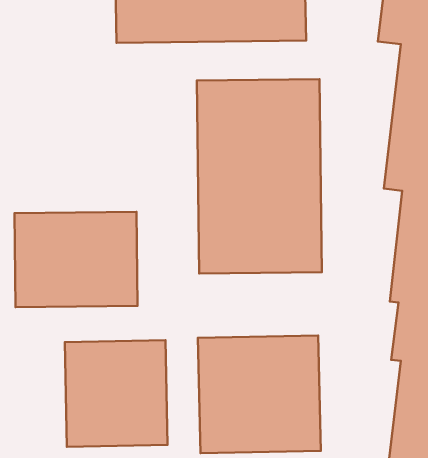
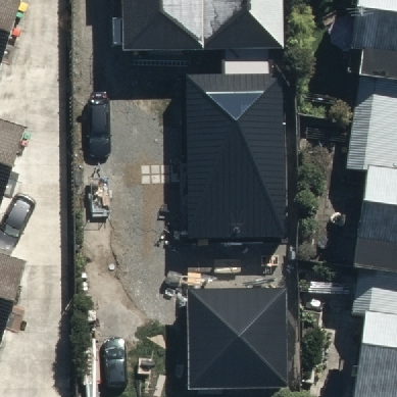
building: [15,212,138,307] -> none
building: [65,340,167,447] -> none

